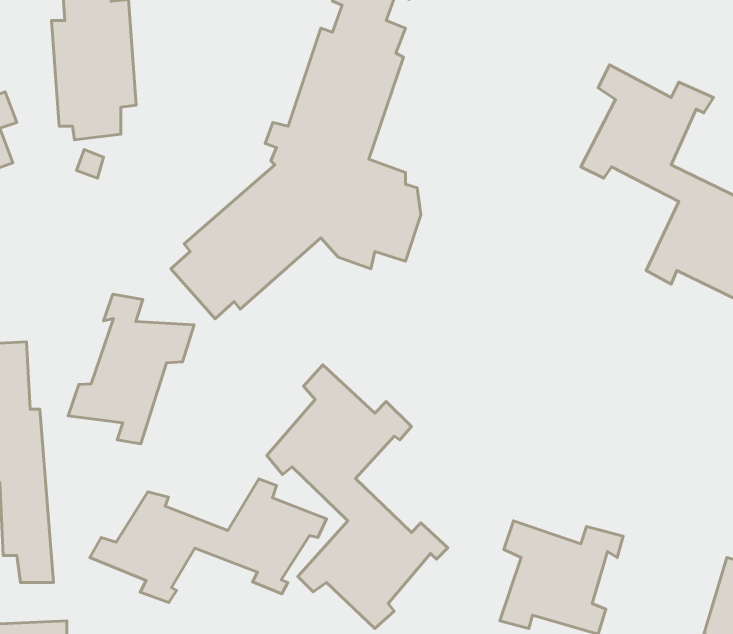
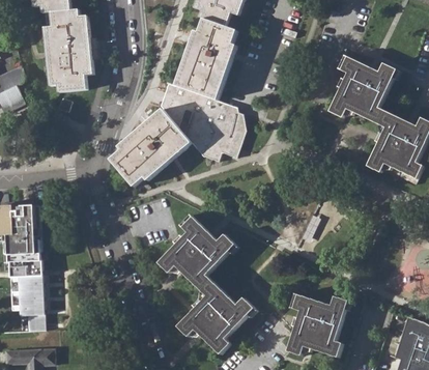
building: [68,294,194,444] -> none
building: [90,479,326,603] -> none

